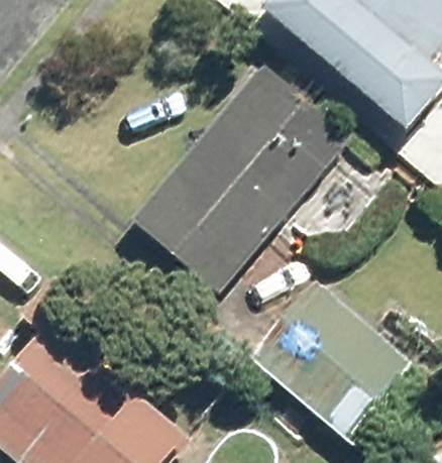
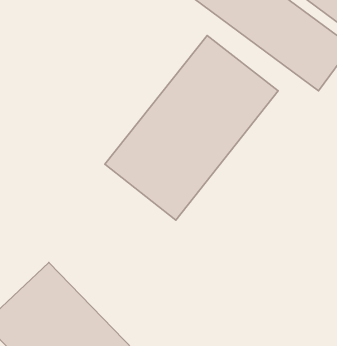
building: [250,272,415,436] -> none

